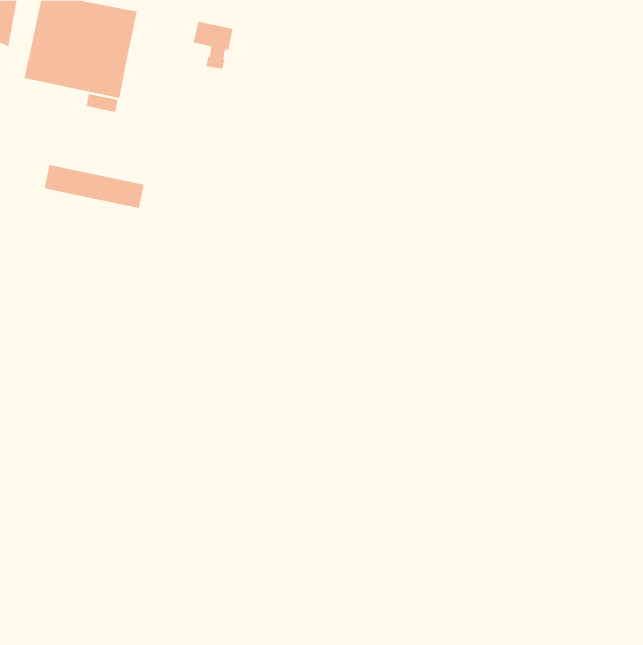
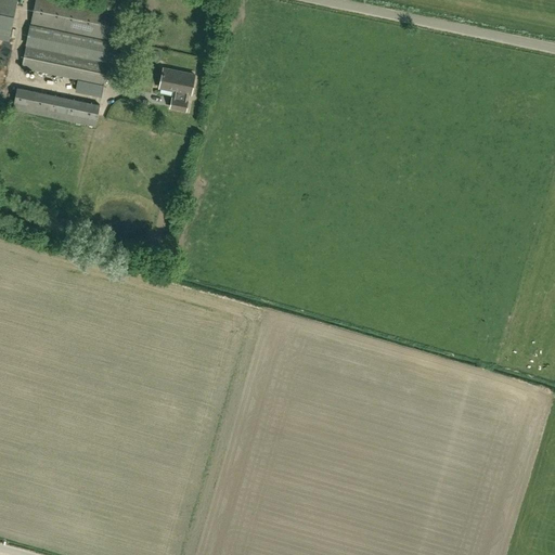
building: [193,21,233,69] -> [158,68,193,109]
building: [44,164,145,209] -> [12,88,99,126]

